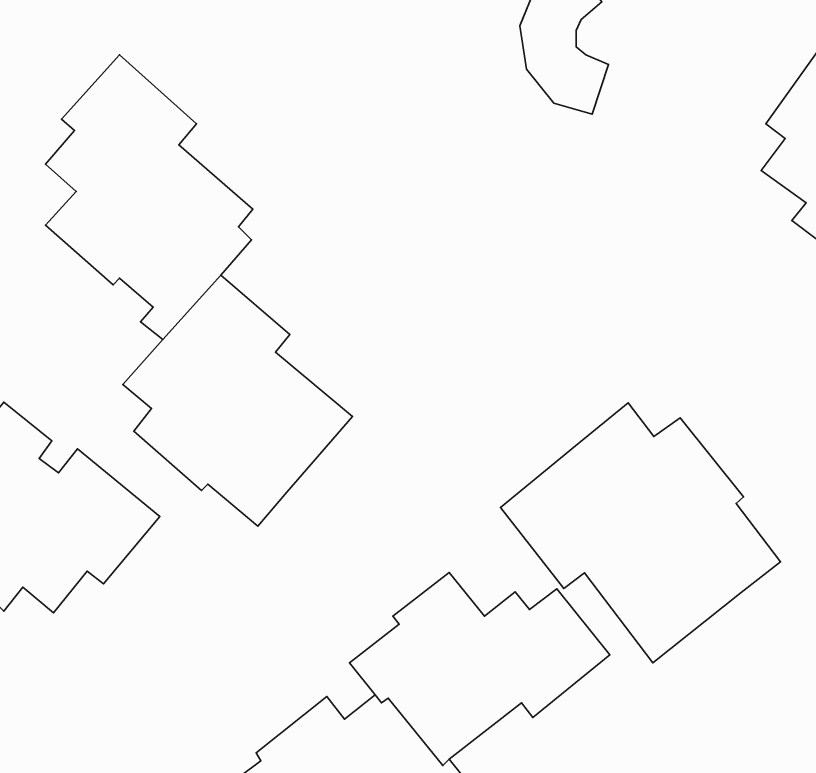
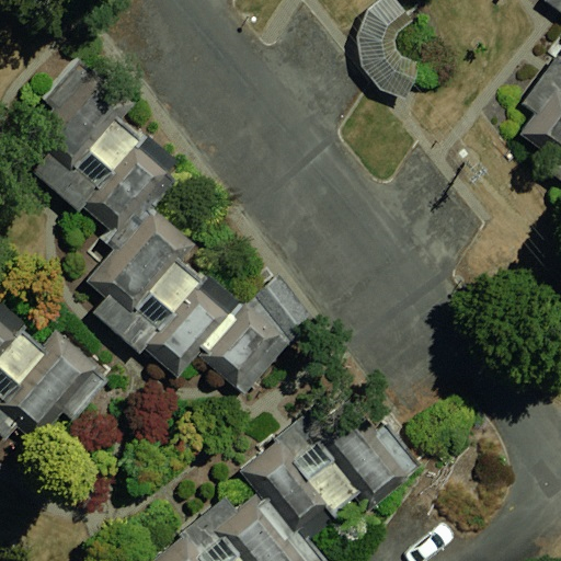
building: none -> [196,274,314,396]
building: [500,403,781,663] -> none

